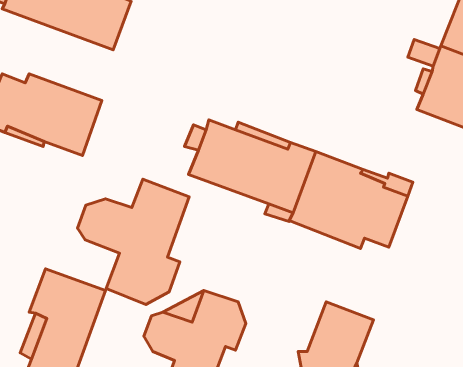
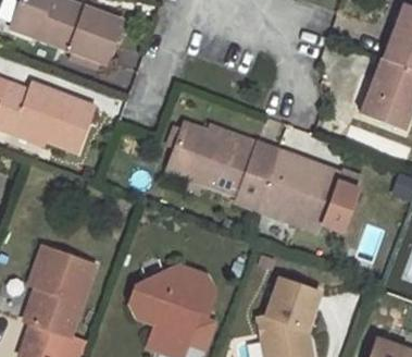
building: [78,179,189,305] -> none

